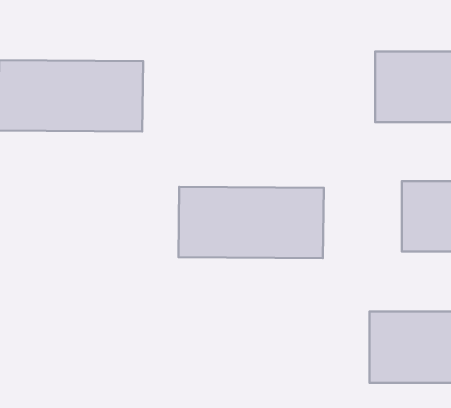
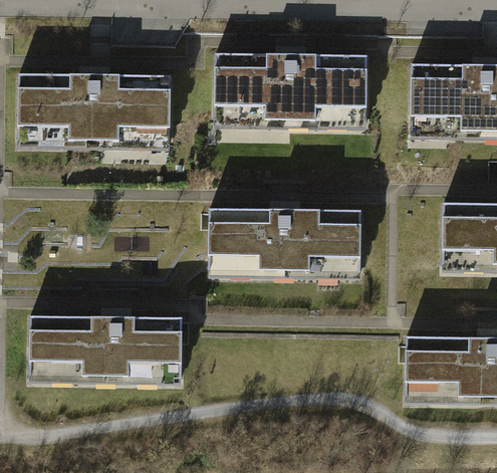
building: none -> [213,49,366,125]
building: none -> [32,309,182,385]

